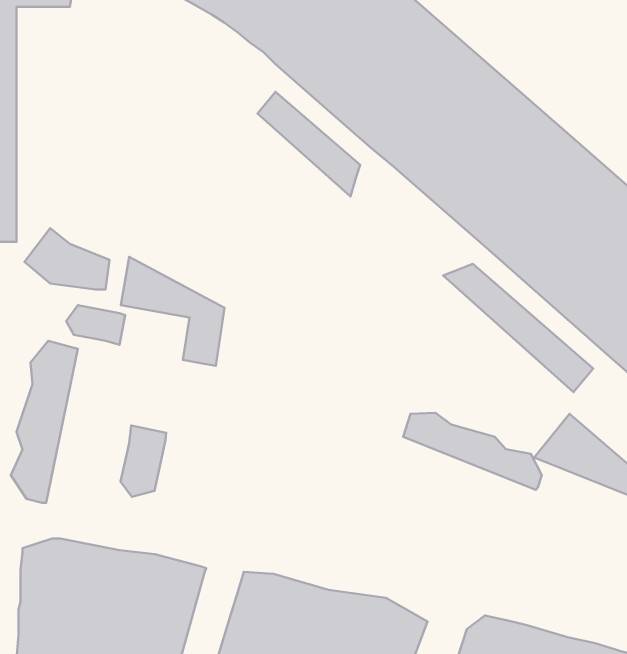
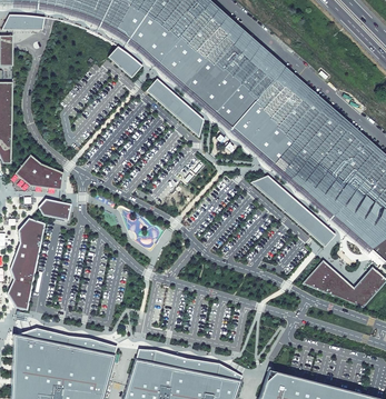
building: none -> [108,44,142,77]
building: [121,257,225,366] -> none
building: [403,413,542,490] -> none
building: [121,426,166,497] -> none

